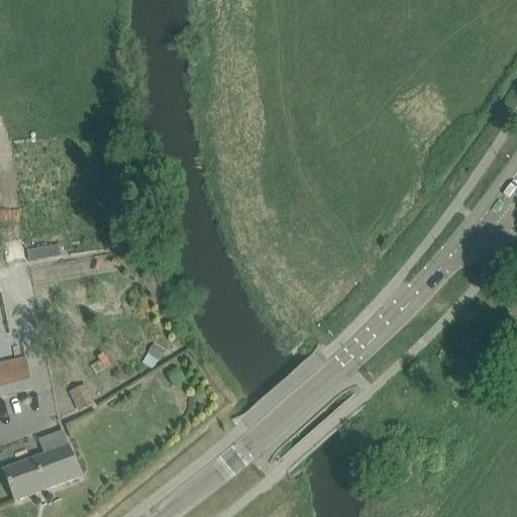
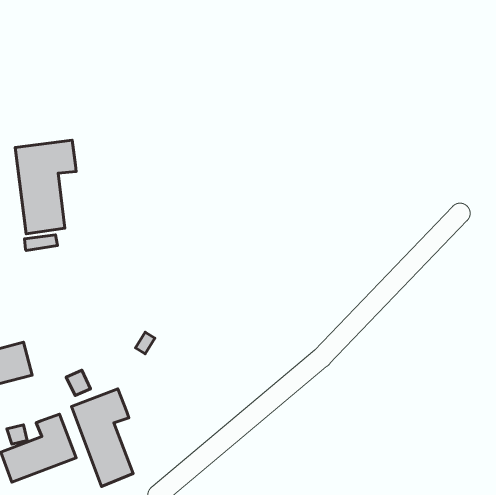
building: none -> [15,140,76,234]
building: none -> [71,389,133,487]

